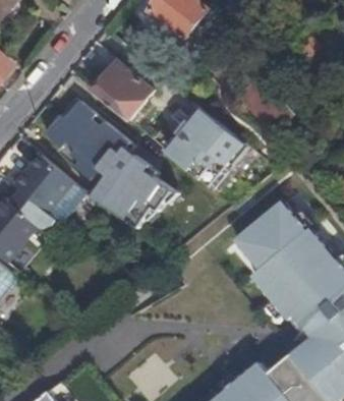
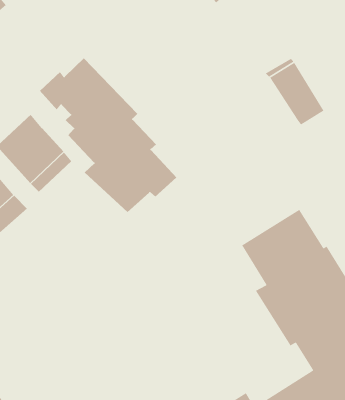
building: [93,62,153,121] -> none
building: [168,110,243,186] -> none

